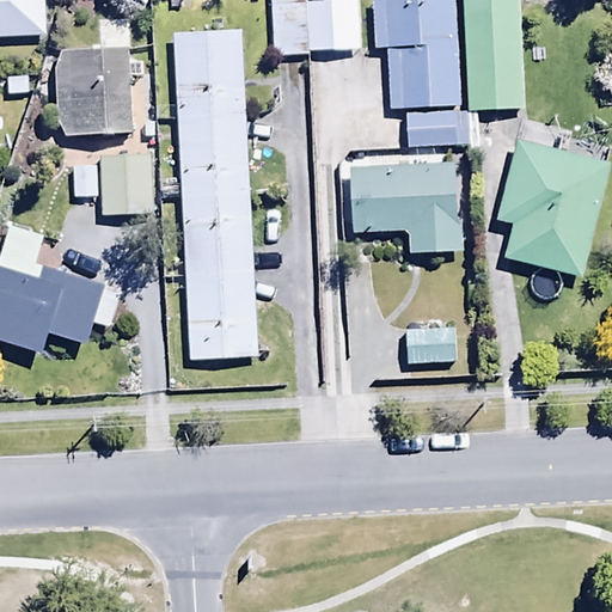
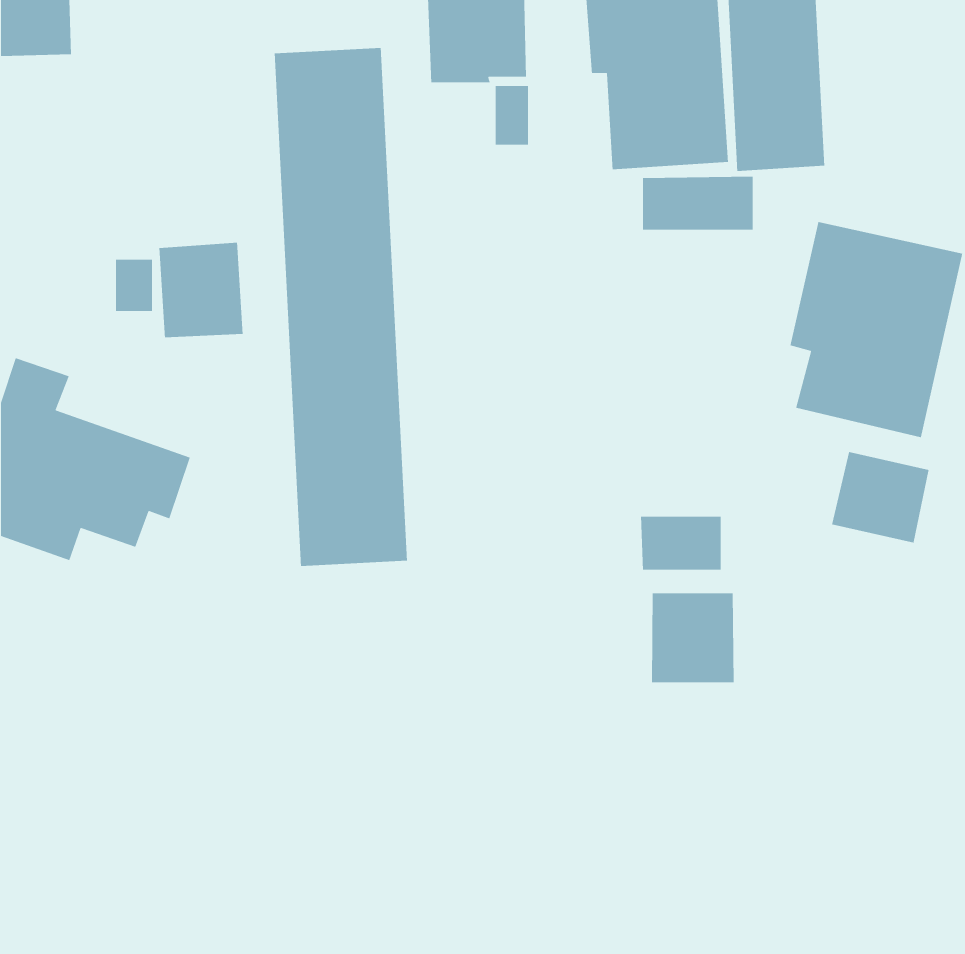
building: [59,51,131,133] -> none
building: [351,149,463,251] -> none
building: none -> [831,451,930,544]
building: none -> [651,593,734,683]

